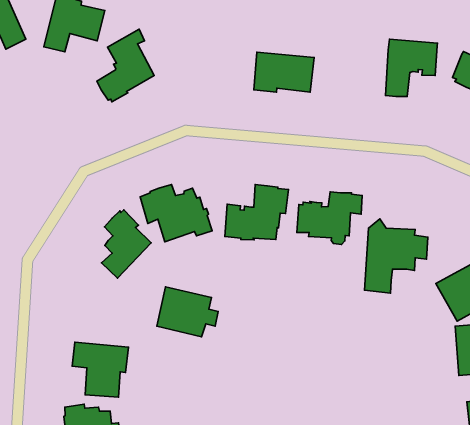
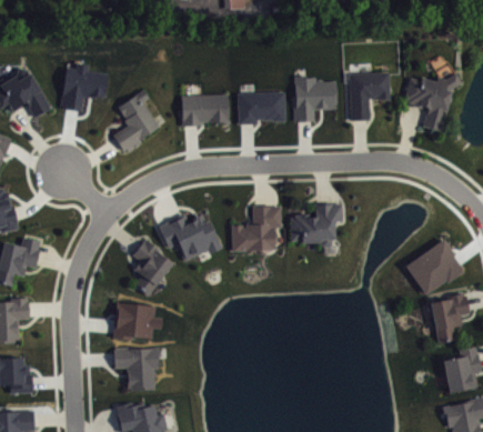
building: none -> [292,74,335,120]
building: none -> [184,97,232,127]
building: [364,219,428,293] -> none
building: [157,287,218,337] -> [117,304,165,342]

